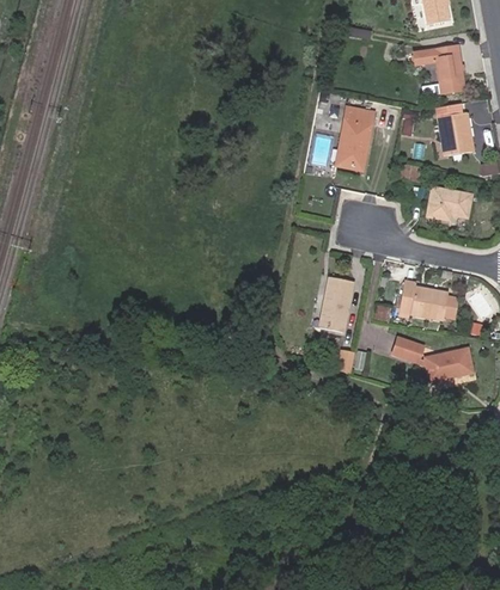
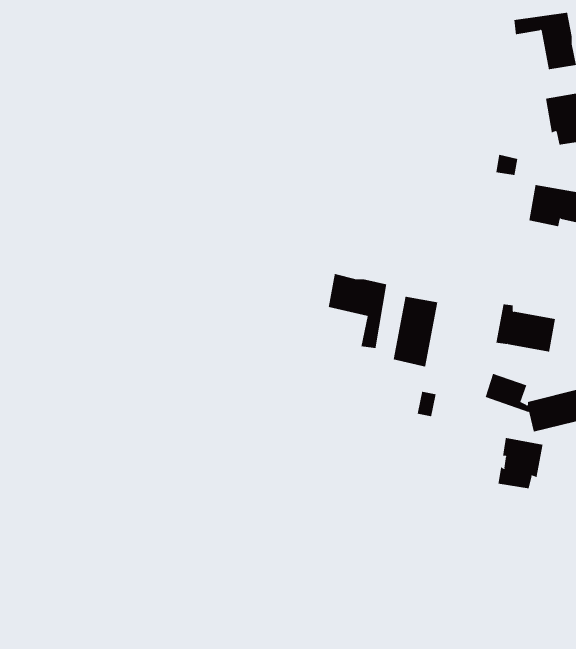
building: [335,105,372,168] -> none
building: none -> [328,273,387,349]
building: none -> [498,437,543,489]

